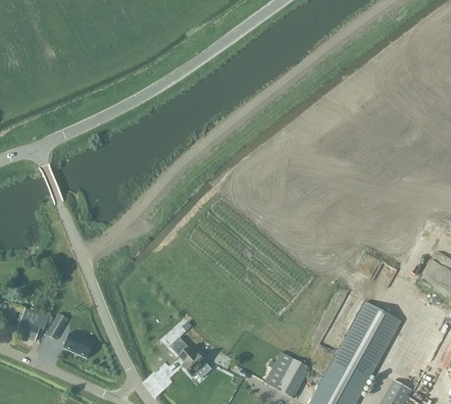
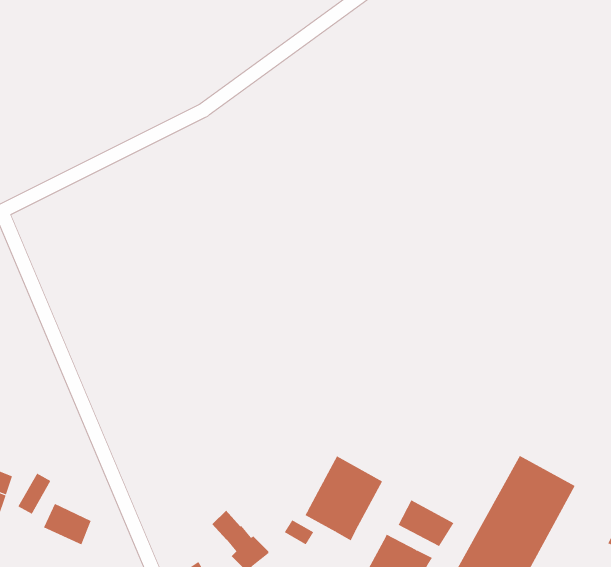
building: none -> [305,455,383,541]
building: none -> [398,500,454,547]

